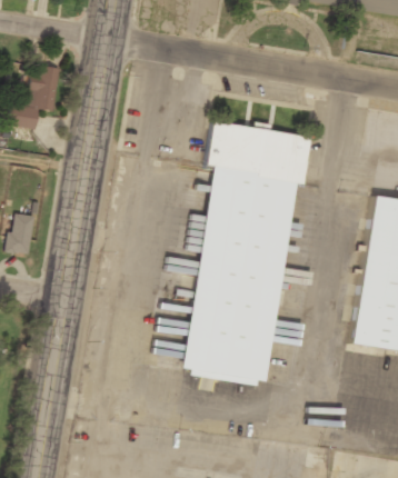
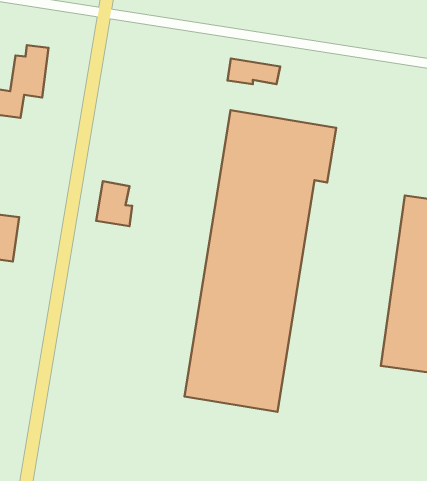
building: none -> [227,59,280,84]
building: none -> [96,181,132,226]

